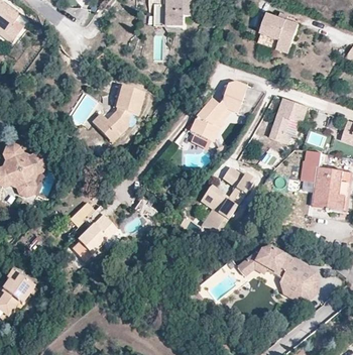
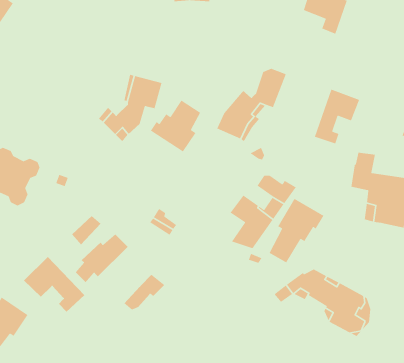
building: none -> [150,100,201,153]
building: none -> [269,198,324,264]
building: none -> [23,256,85,313]
building: none -> [124,274,165,311]

